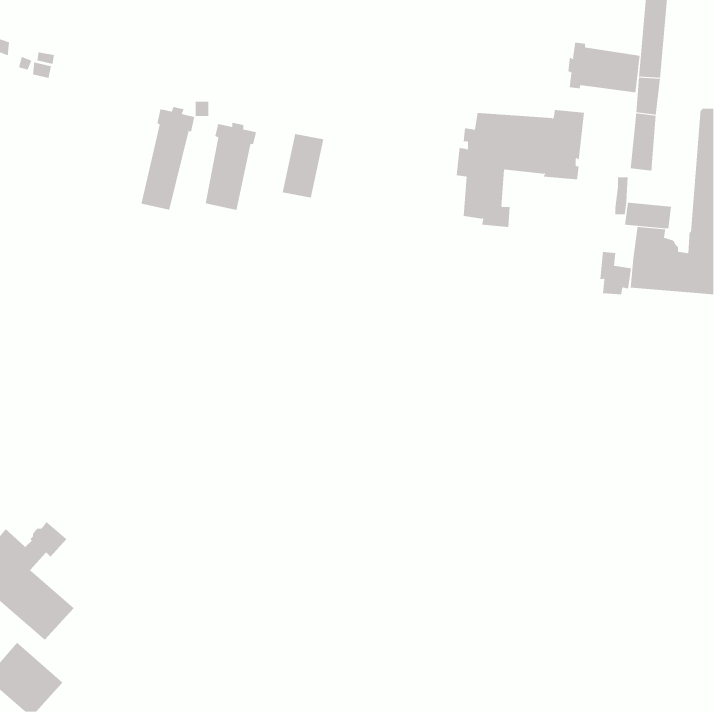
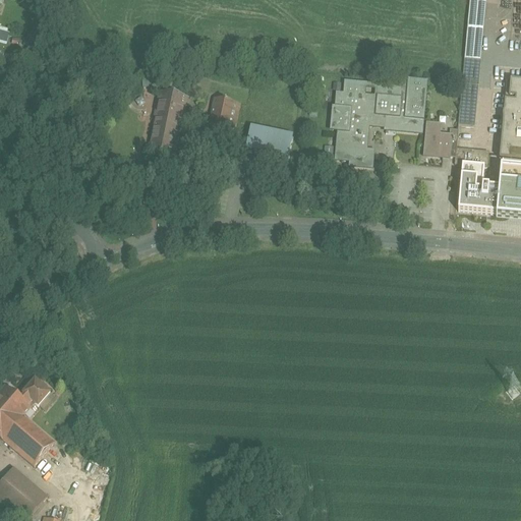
building: [568,42,640,93] -> none
building: [141,106,195,211] -> none
building: none -> [245,125,290,156]
building: [599,251,632,295] -> [424,123,448,155]

